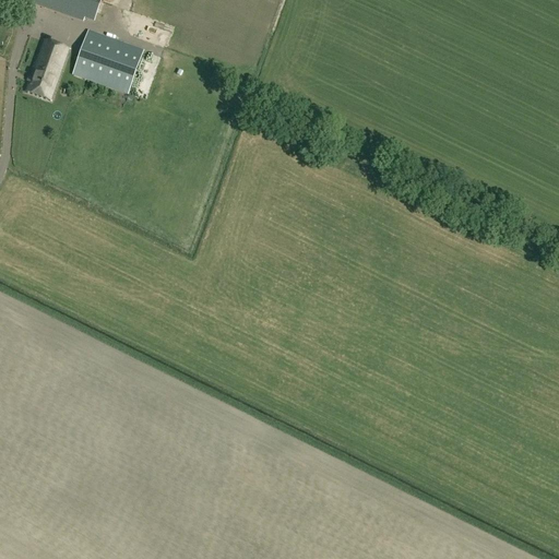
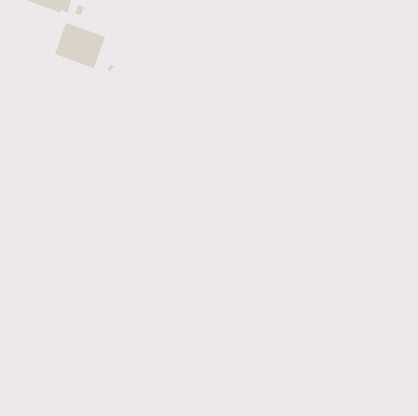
building: [23,38,68,99] -> none

